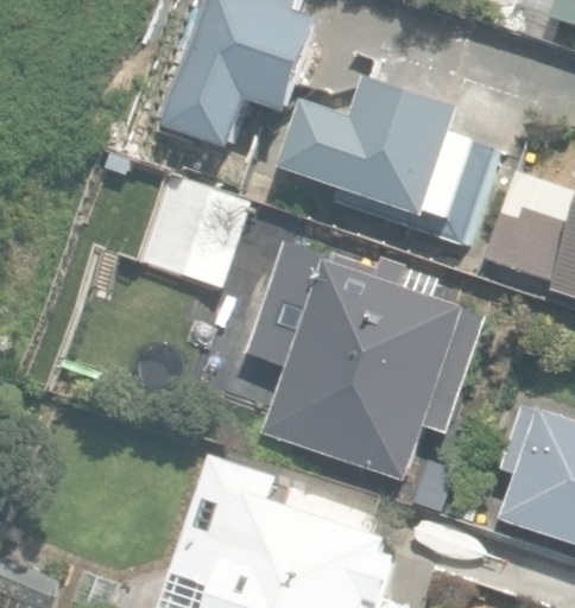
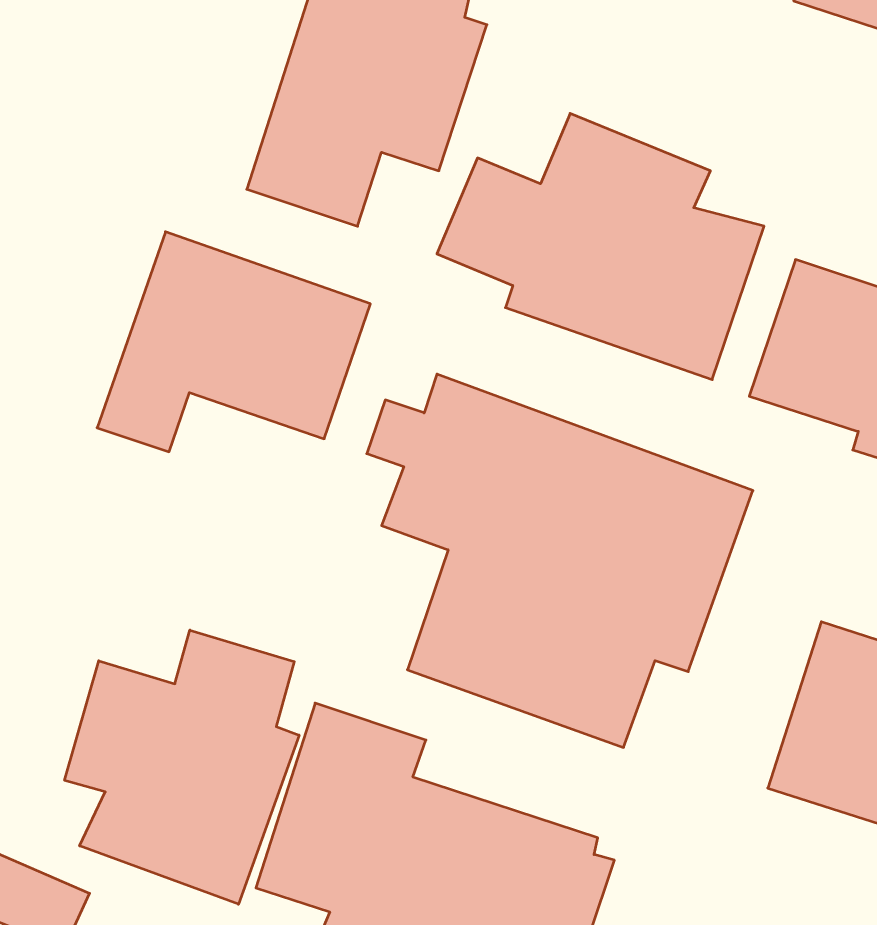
building: none -> [65,630,299,904]

